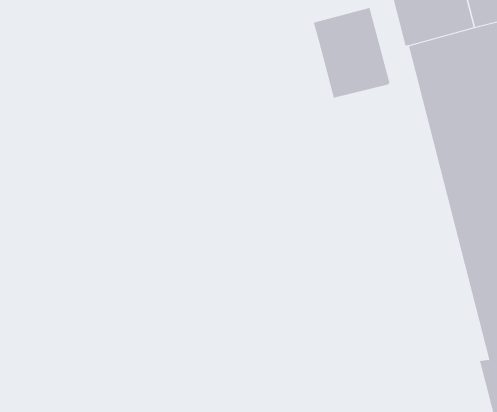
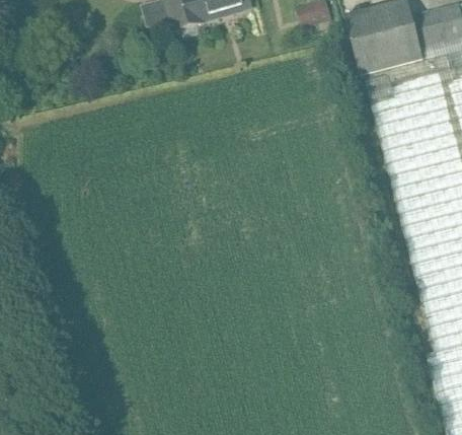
building: [313,7,390,98] -> none

